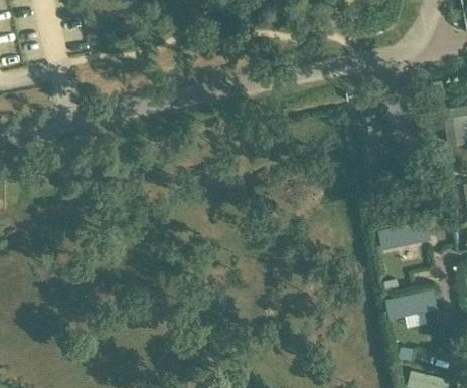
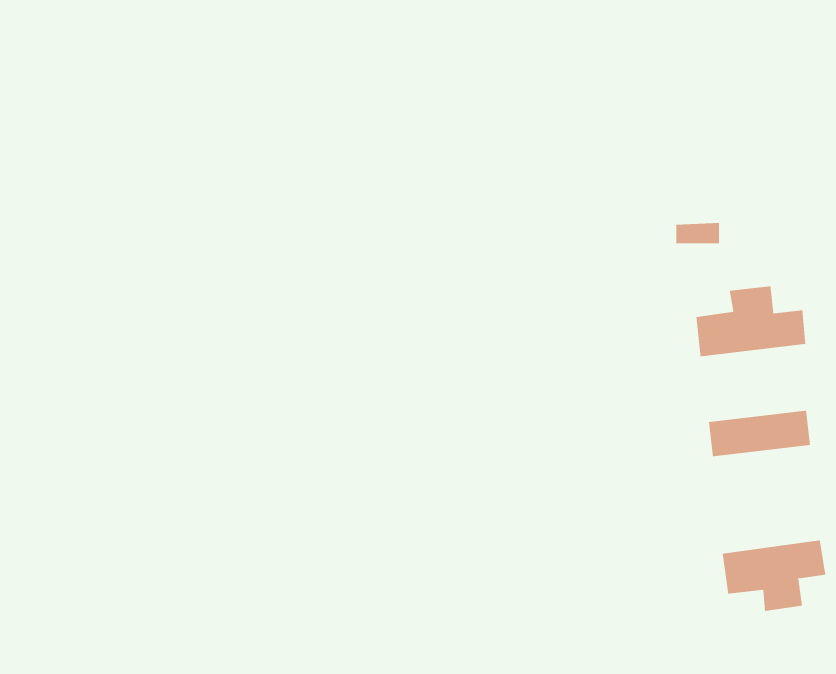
building: none -> [696,286,806,357]

